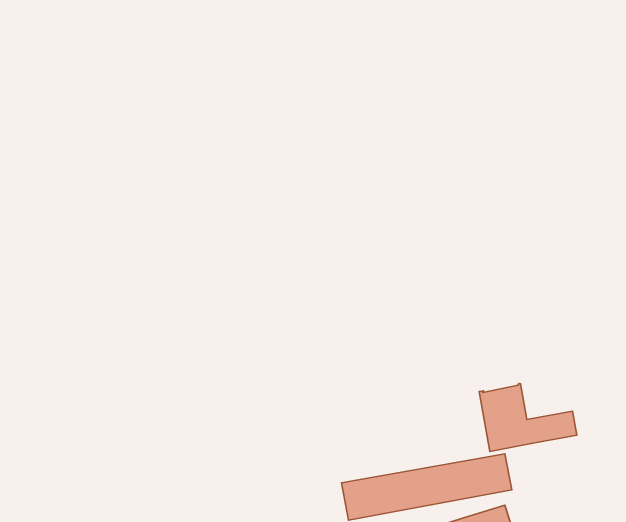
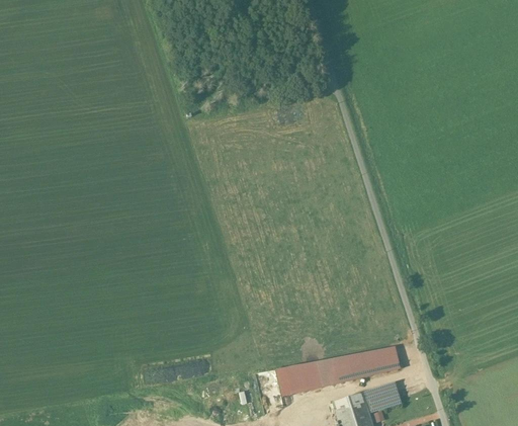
building: [479,384,577,451] -> none

